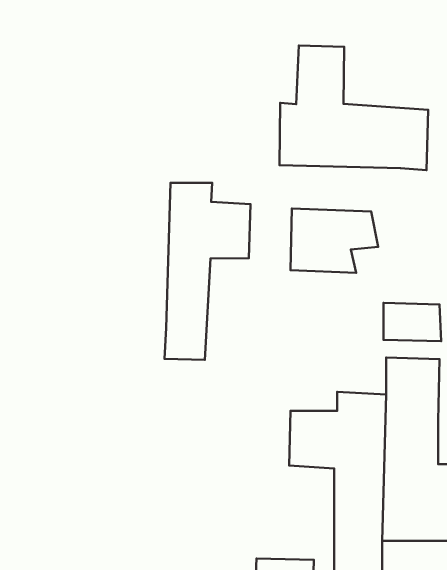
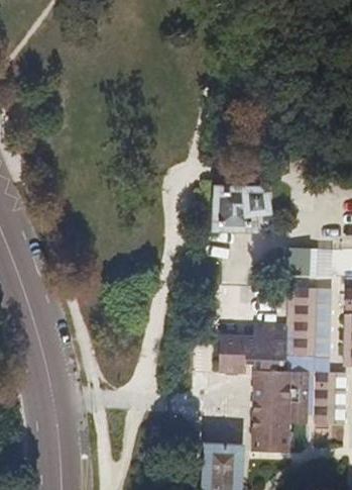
building: [279,46,428,170] -> none
building: [164,183,251,360] -> none

